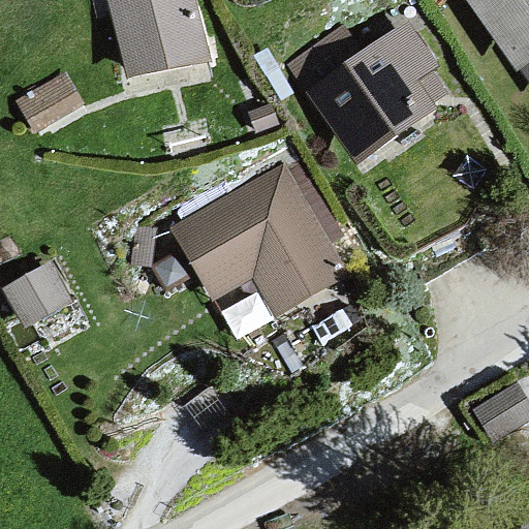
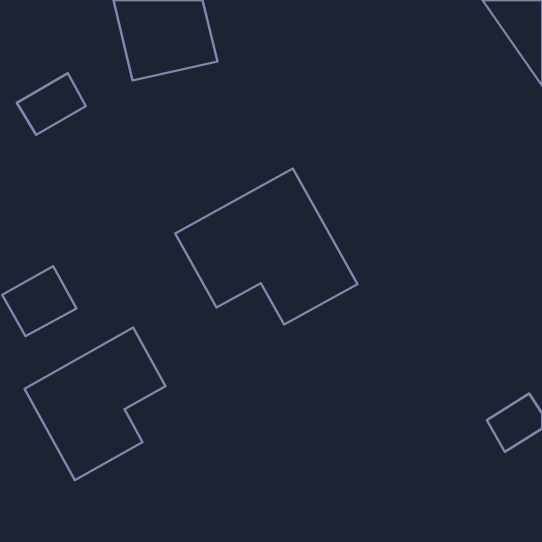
building: [286,22,458,162] -> none
building: none -> [25,328,166,480]

